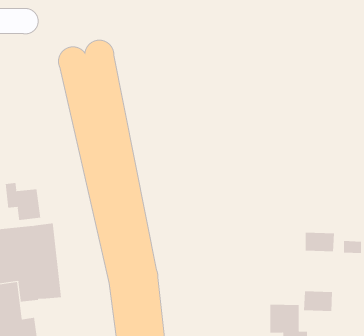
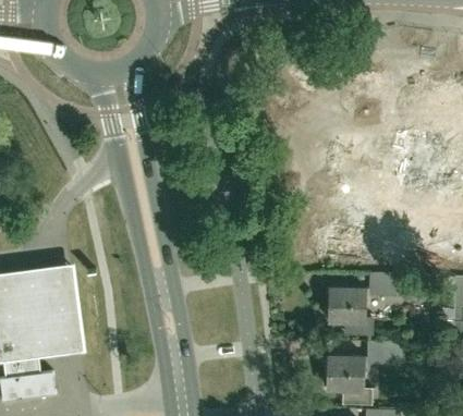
building: [5,182,41,221] -> none
building: none -> [327,287,370,335]

